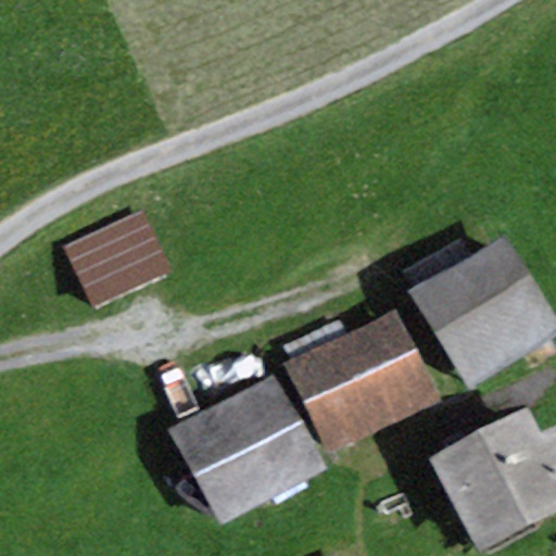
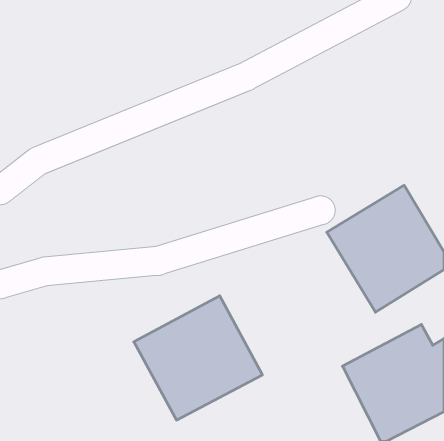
building: [63,207,172,305] -> none
building: [283,306,441,454] -> none

